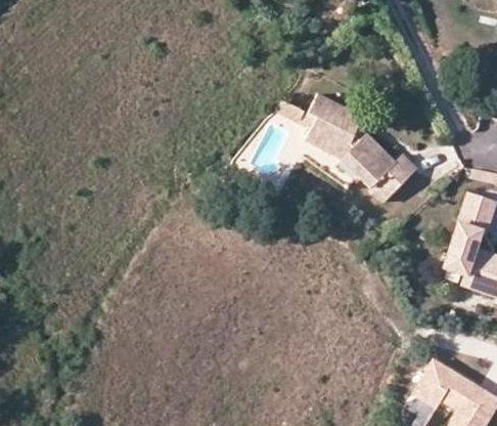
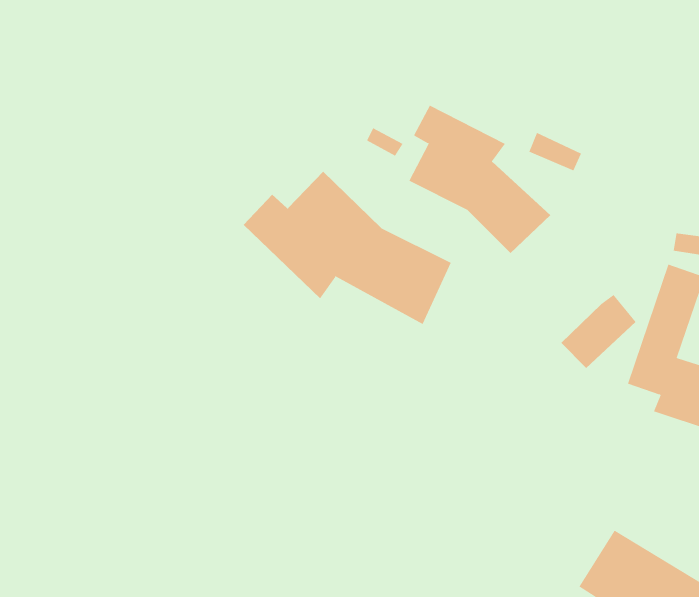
building: none -> [243,171,452,325]
building: [370,155,418,202] -> [560,294,637,369]

